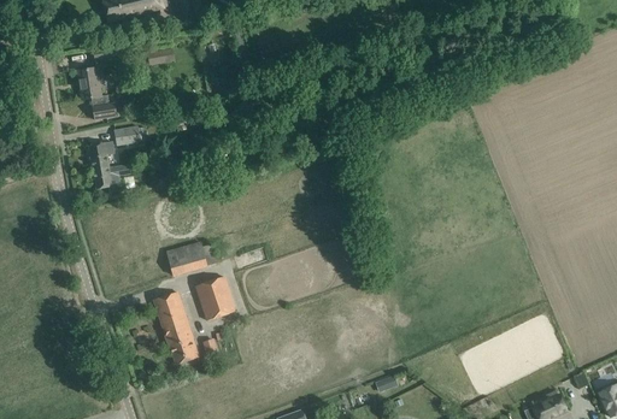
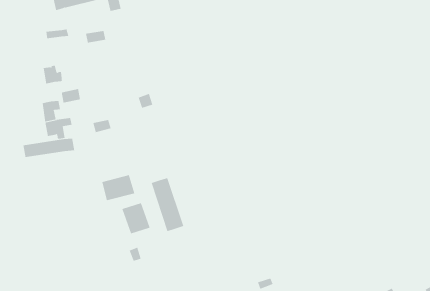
building: [77,67,101,99] -> none
building: none -> [23,138,75,158]
building: [154,291,199,364] -> [151,177,184,232]

